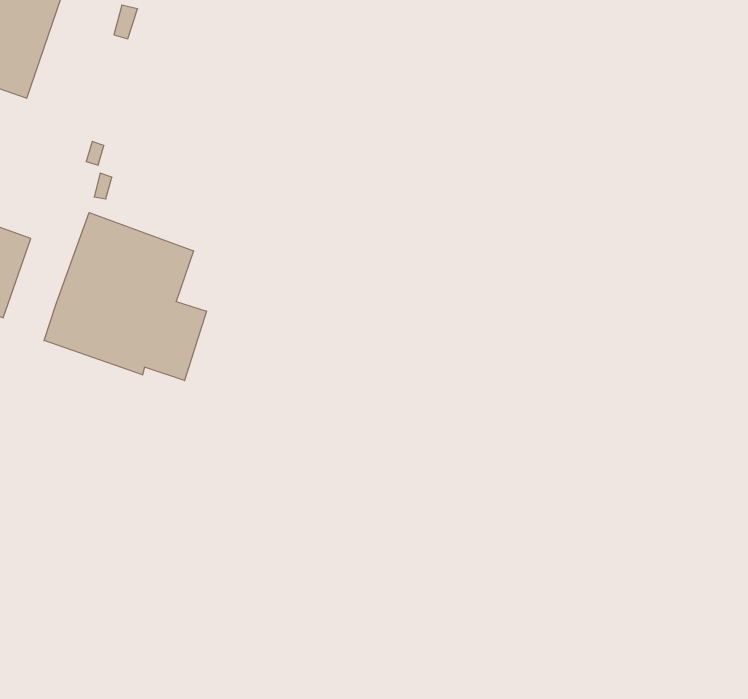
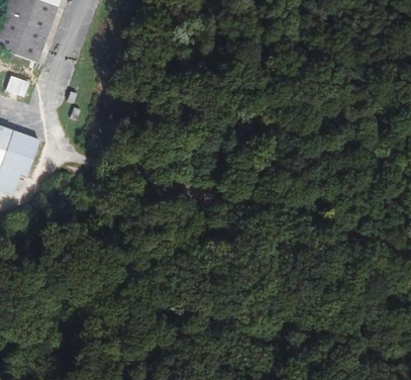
building: [44,213,207,381] -> none

